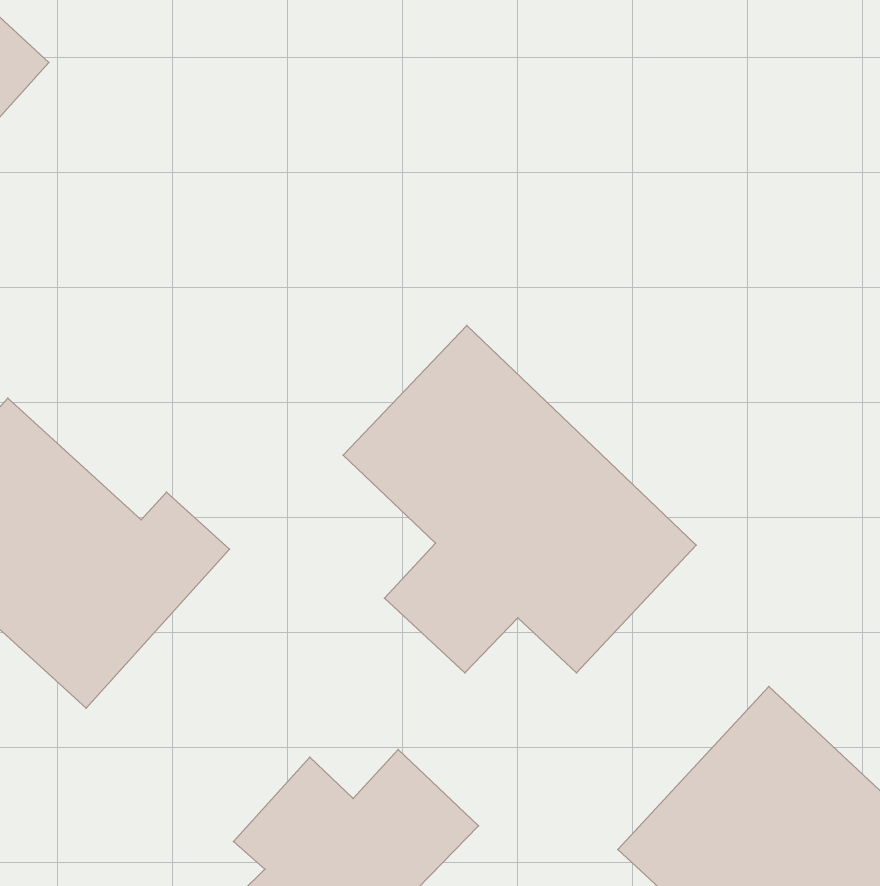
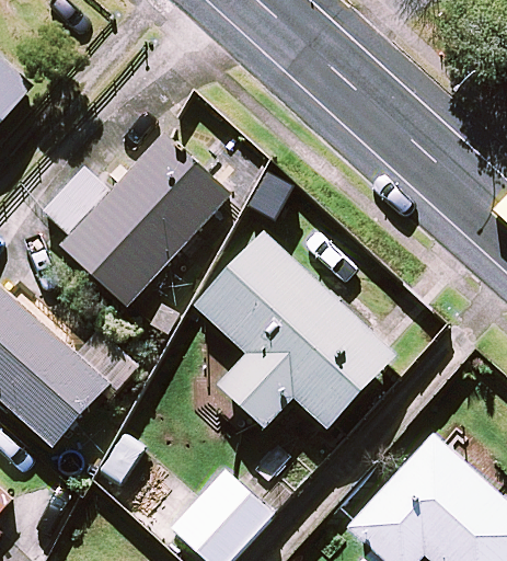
building: none -> [43,136,229,307]

